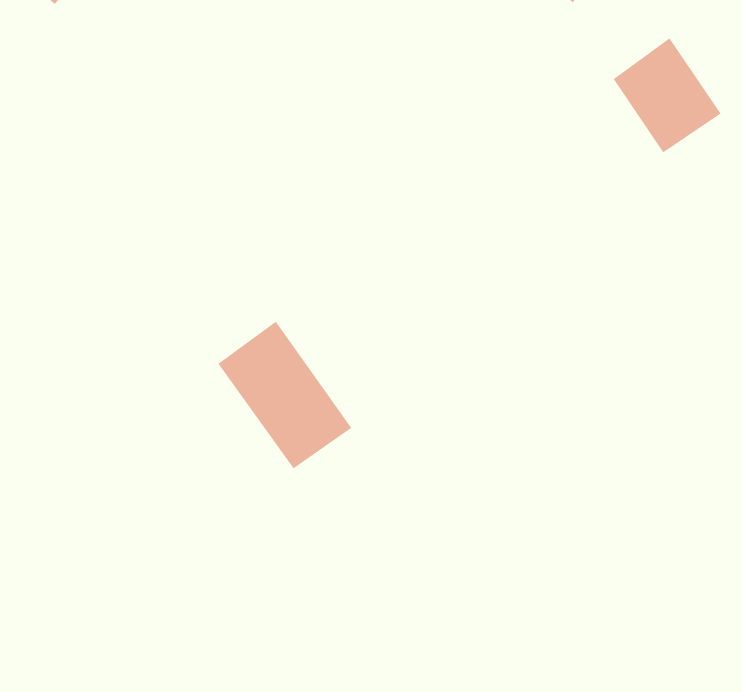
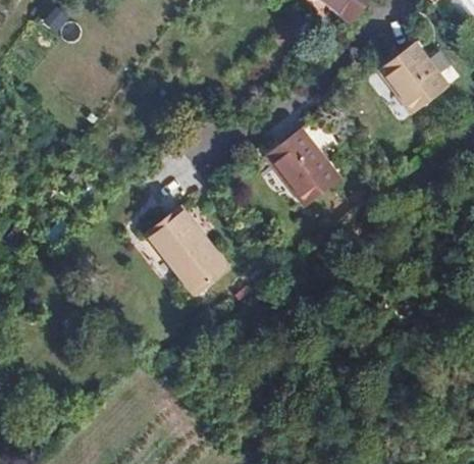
building: none -> [270,128,339,204]

